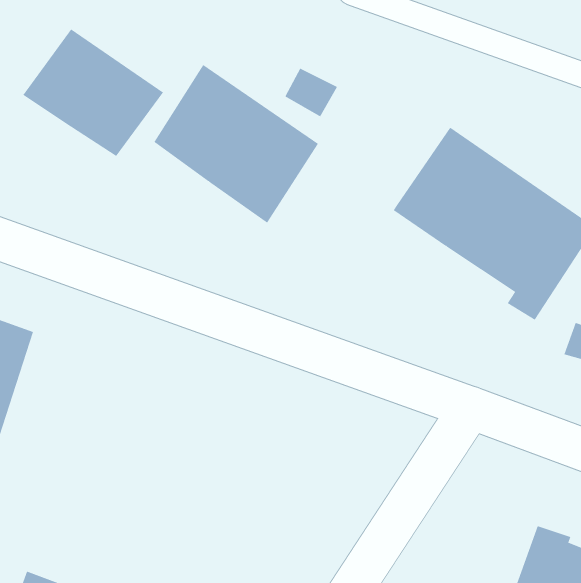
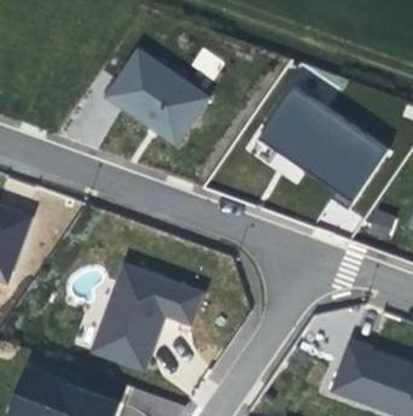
building: [22,29,164,157] -> none
building: none -> [91,264,202,371]

